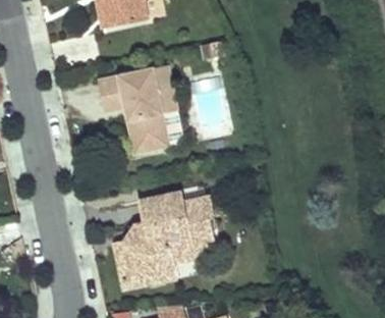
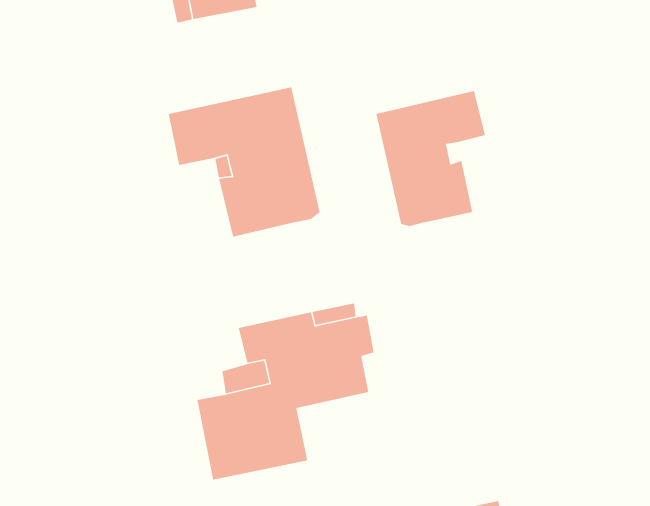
building: none -> [376,90,486,227]

